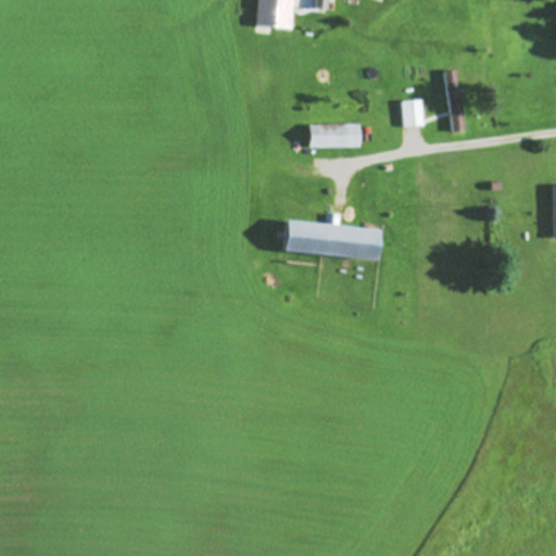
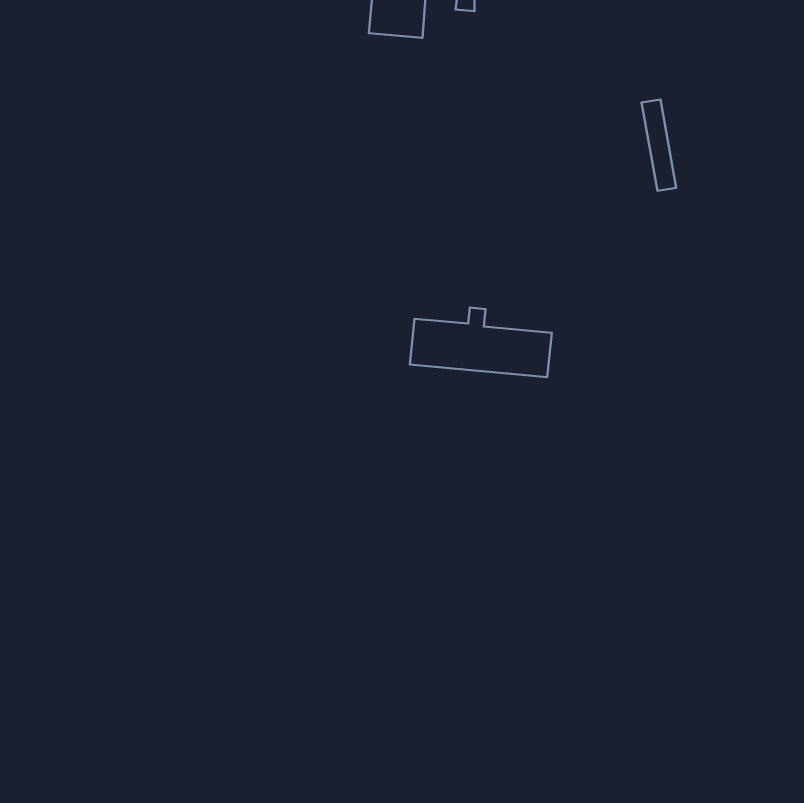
building: [401,99,422,126] -> none
building: [309,123,361,146] -> none

